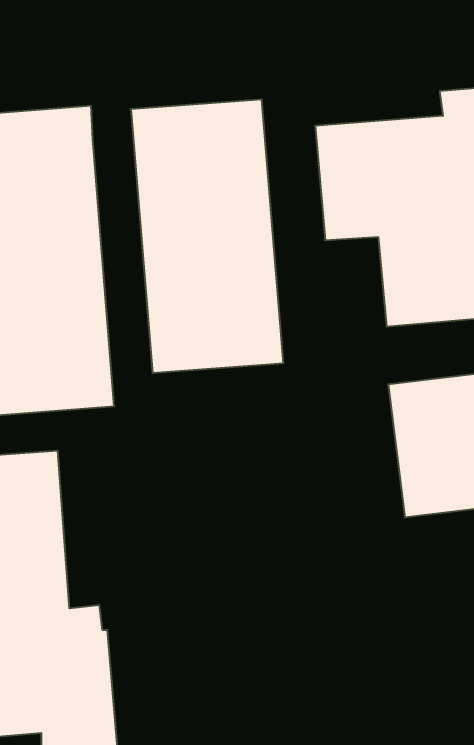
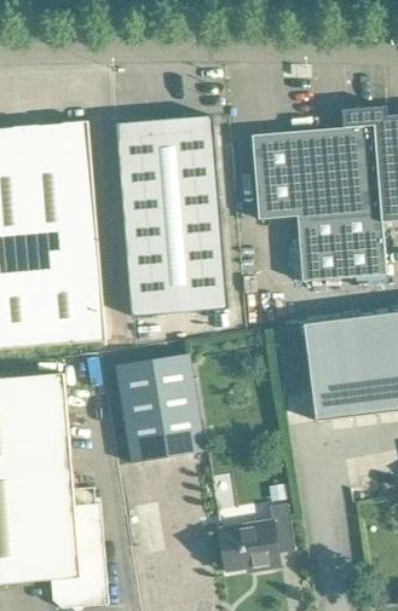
building: none -> [115,353,203,462]
building: none -> [219,502,294,571]

